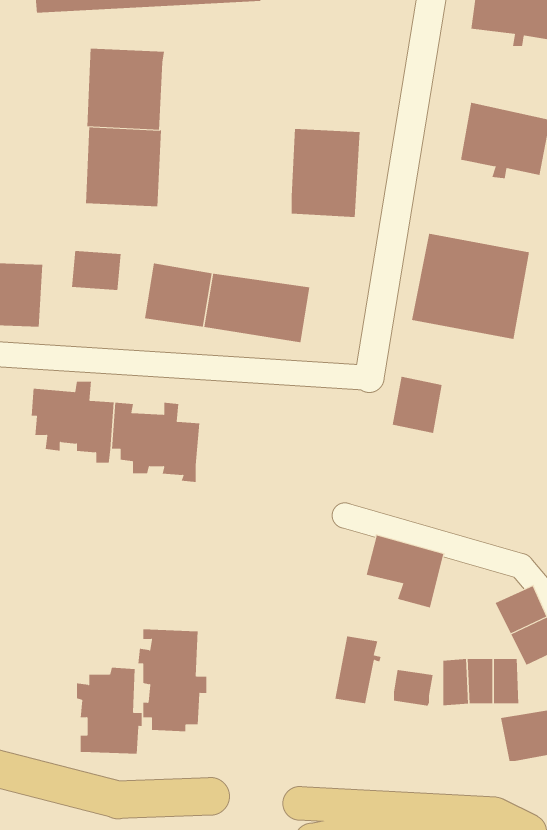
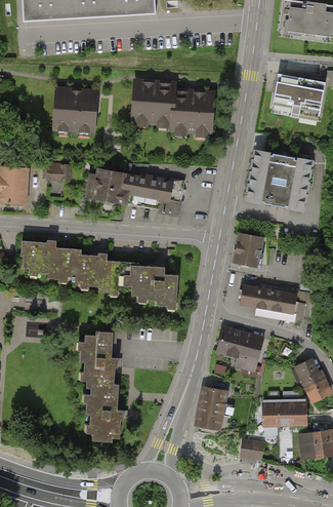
building: [86,48,165,130] -> [130,79,176,127]
building: none -> [118,261,178,310]
building: none -> [240,283,298,315]
building: [76,667,143,754] -> [78,332,117,383]
building: [393,669,433,706] -> [241,439,264,461]

